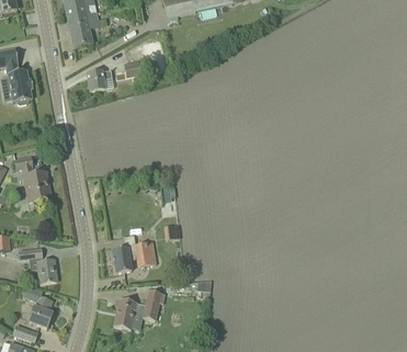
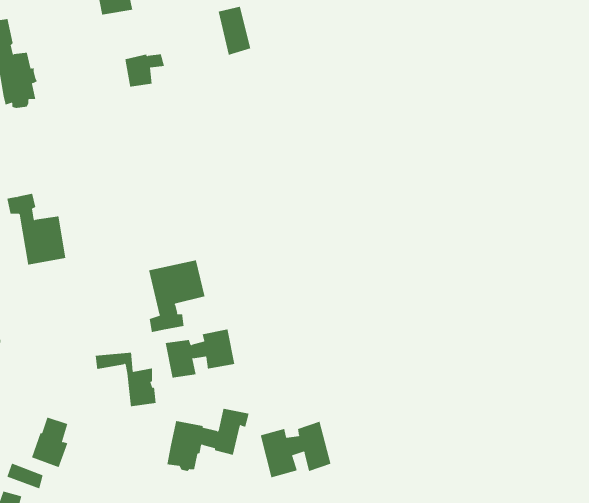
building: none -> [148,260,205,333]
building: [18,249,56,283] -> [95,352,156,407]
building: none -> [260,421,331,478]

